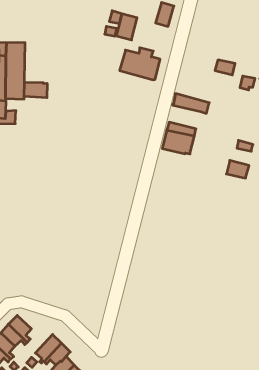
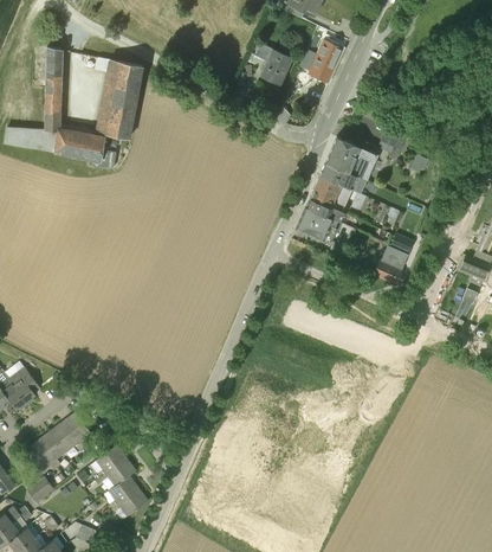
building: [120,48,160,80] -> [324,136,378,180]
building: [24,82,47,98] -> none
building: none -> [310,175,352,211]

